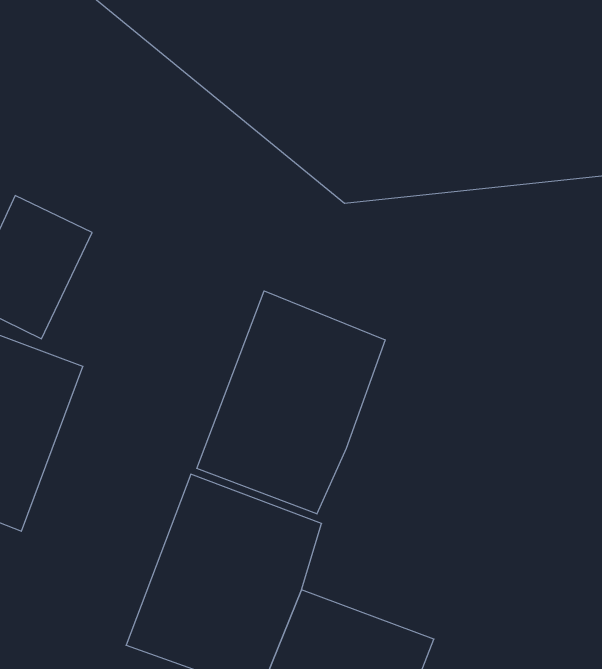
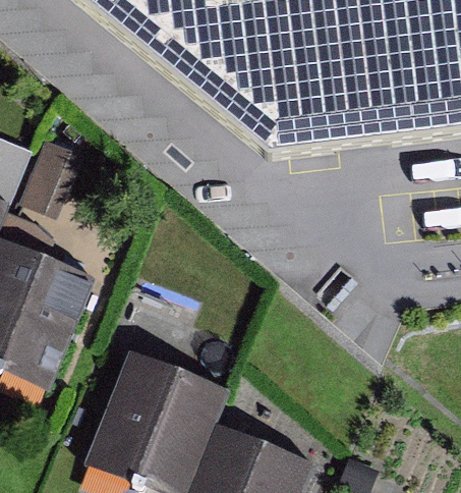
building: [197,291,385,514] -> none

